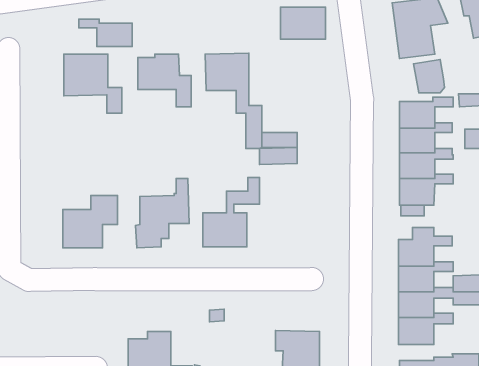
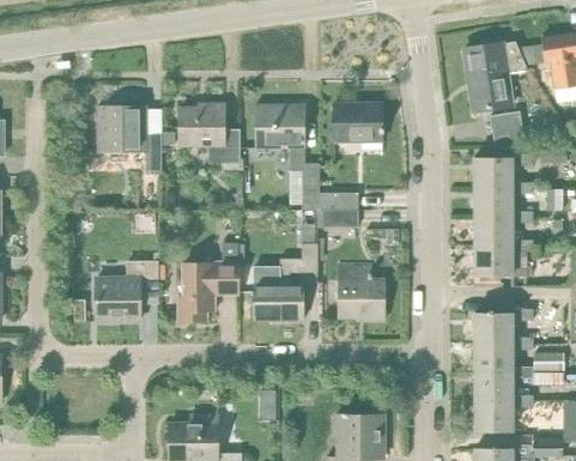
building: [280,7,325,39] -> [333,104,383,140]
building: [79,19,132,47] -> none
building: none -> [339,265,384,320]

